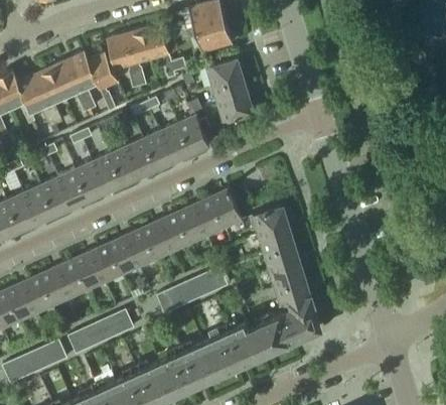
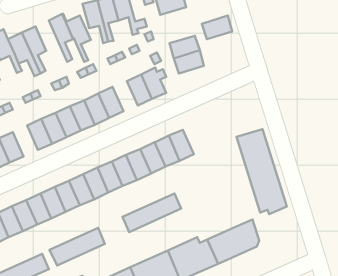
building: [205,58,242,87] -> [202,16,232,39]
building: [50,59,89,112] -> none
building: [143,132,173,168] -> none
building: [23,185,53,223] -> none
building: [251,206,311,307] -> [237,129,287,214]

